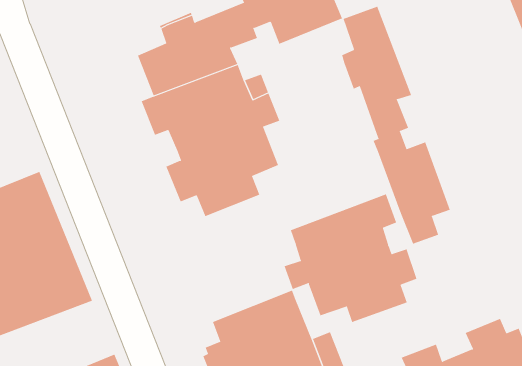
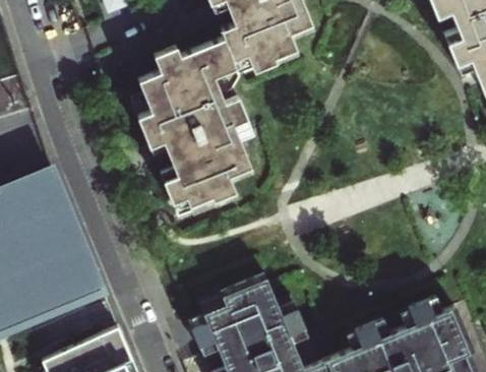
building: [341,6,450,245] -> none
building: [284,194,417,323] -> none

